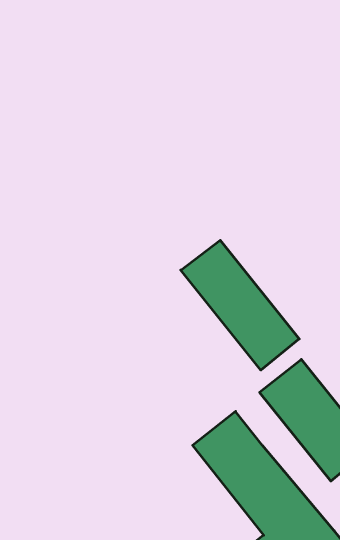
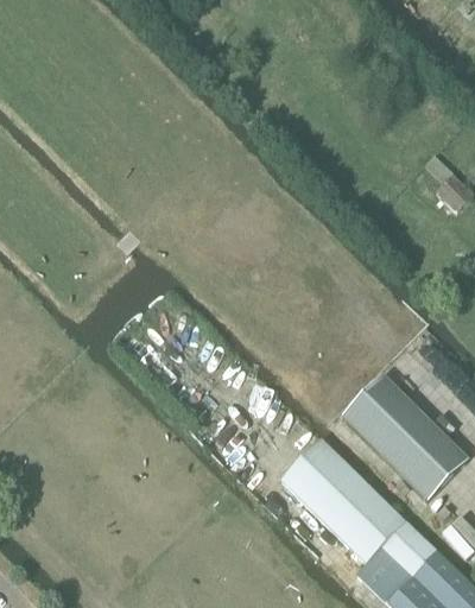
building: [181,240,299,370] -> none

